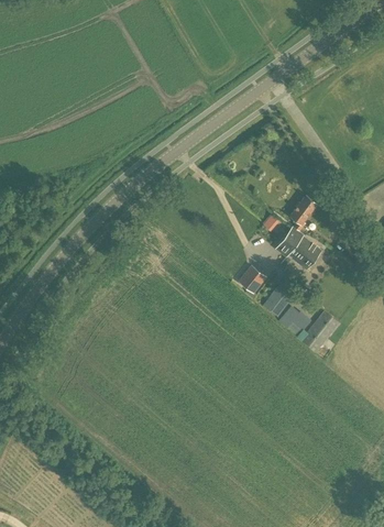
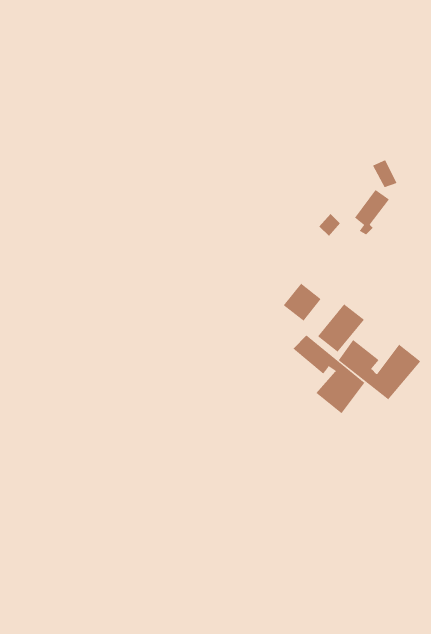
building: [275,226,321,270] -> none
building: none -> [293,334,365,414]

